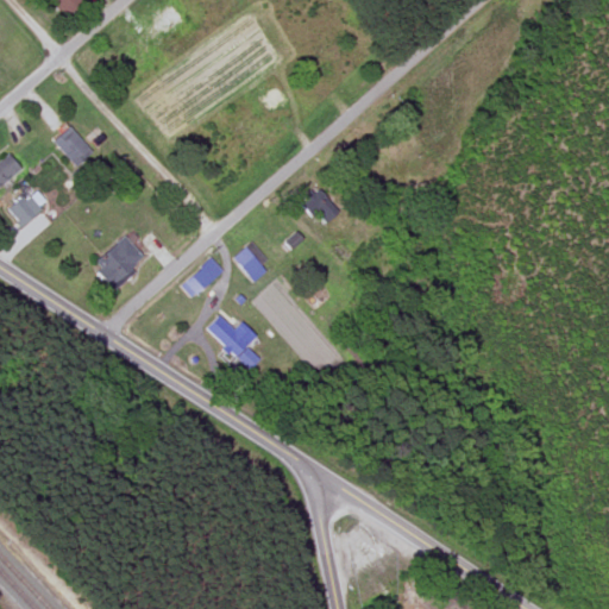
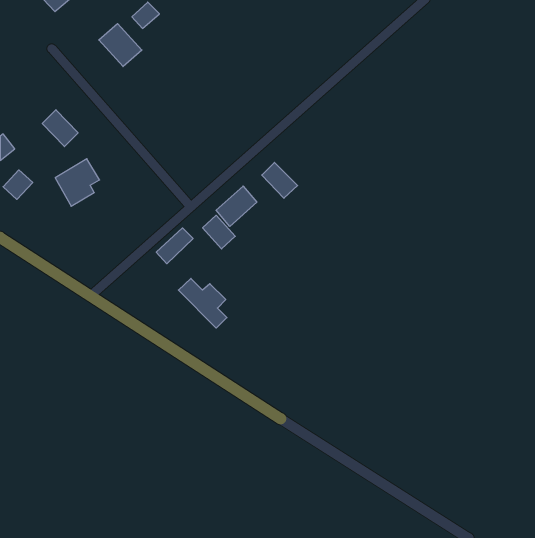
building: none -> [99,24,142,67]
building: none -> [216,186,257,226]
building: [92,236,142,289] -> [55,159,100,206]

